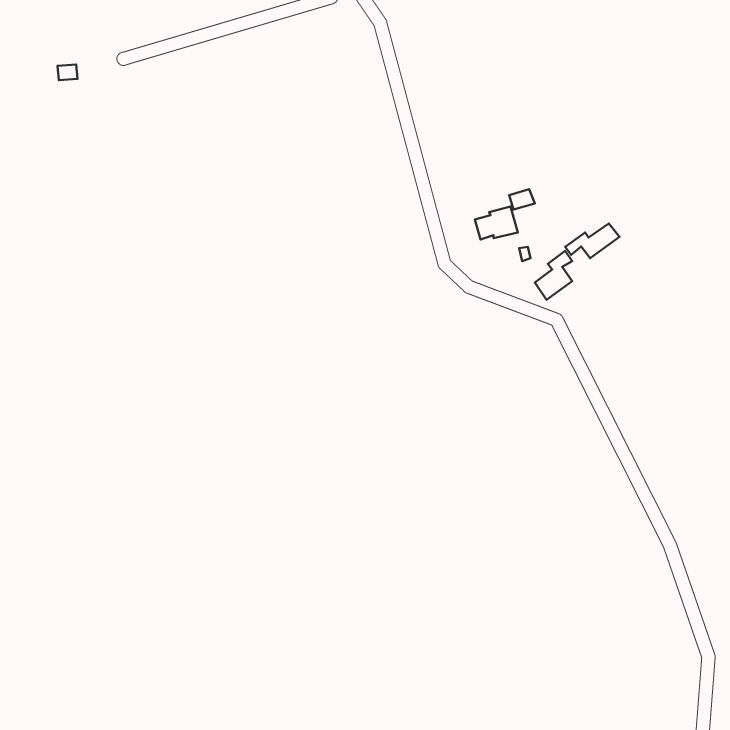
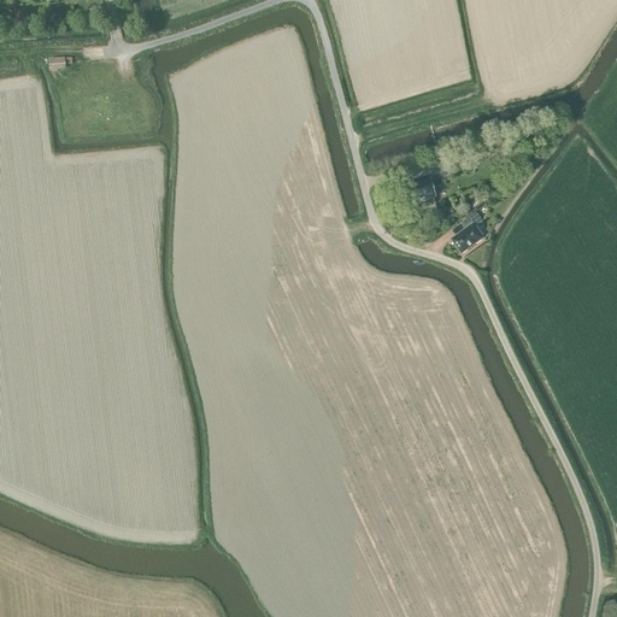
building: [565,223,620,258] -> none

